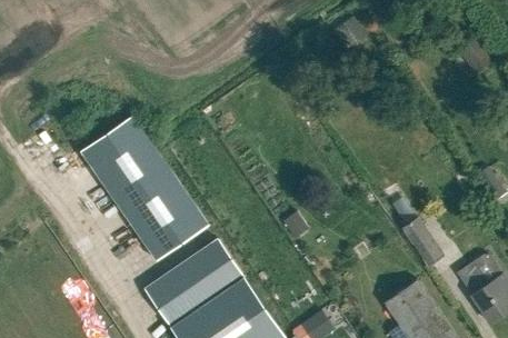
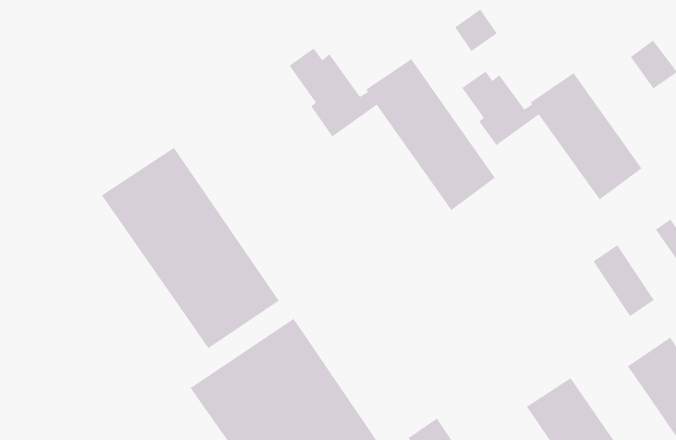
building: none -> [288,48,496,211]
building: none -> [461,71,642,201]
building: [401,220,446,272] -> [593,244,655,317]

